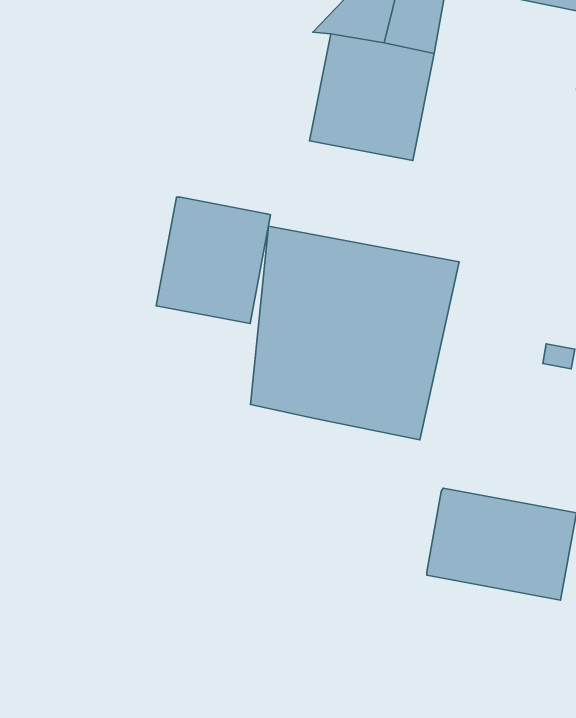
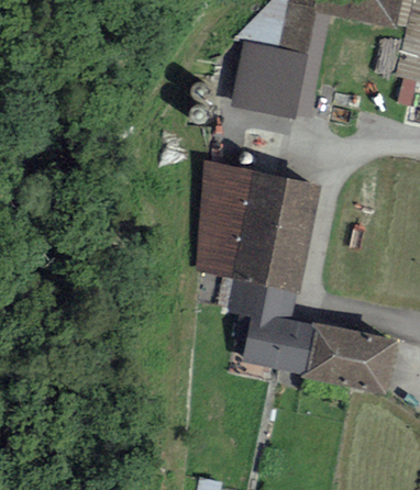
building: [156,197,271,324] -> none
building: none -> [226,280,311,375]

